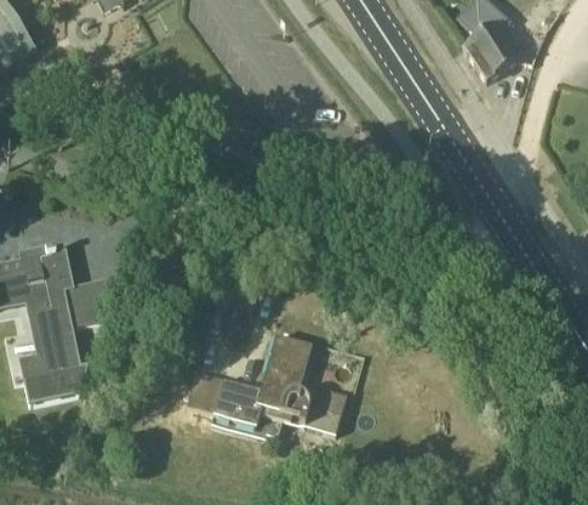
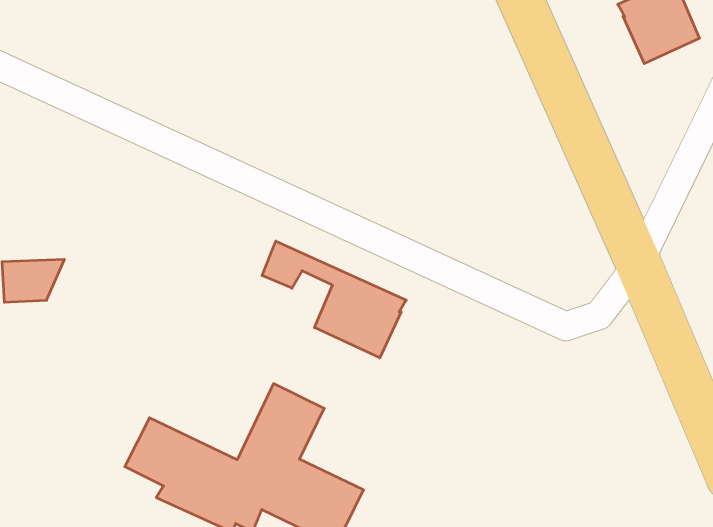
building: none -> [262,241,406,358]

